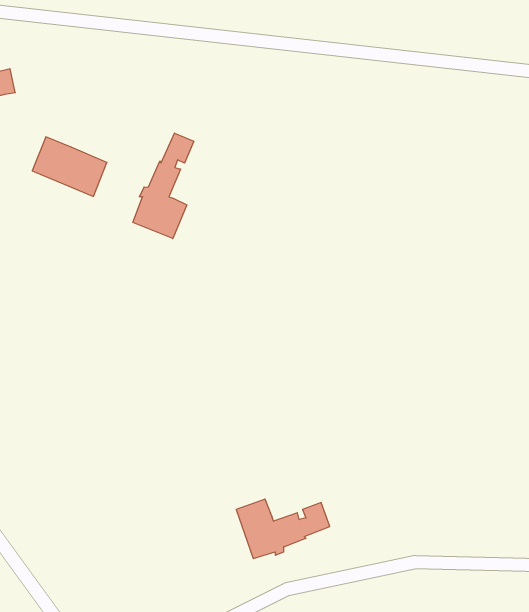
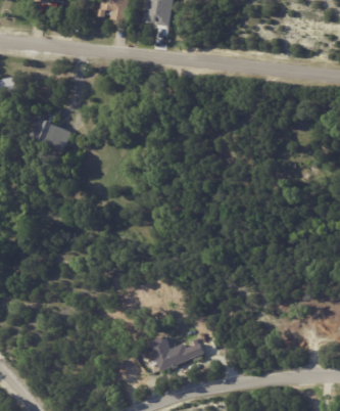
building: [133,133,194,239] -> none

